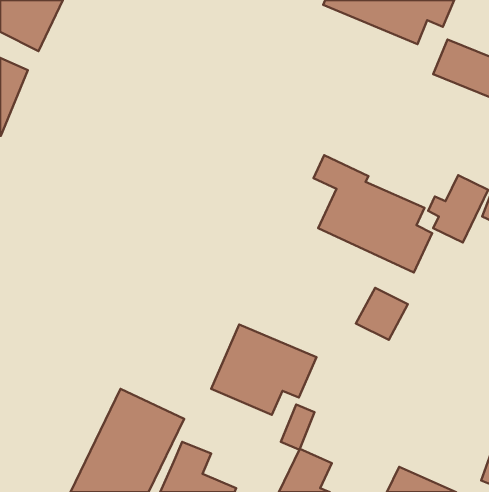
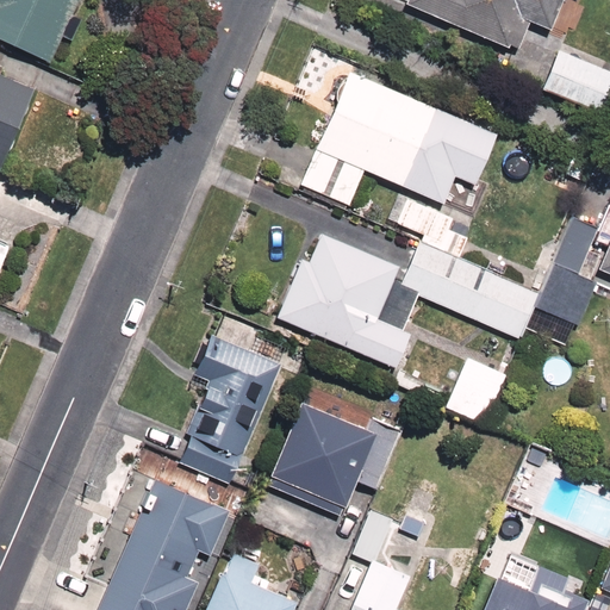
building: none -> [299,64,502,206]
building: none -> [273,230,406,365]
building: none -> [173,336,281,484]

